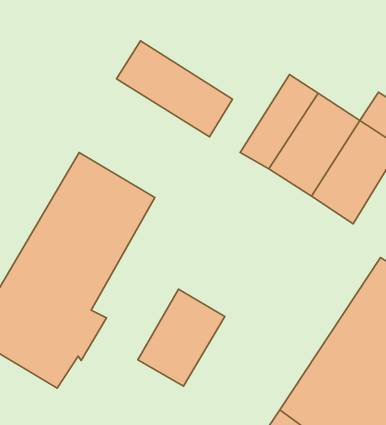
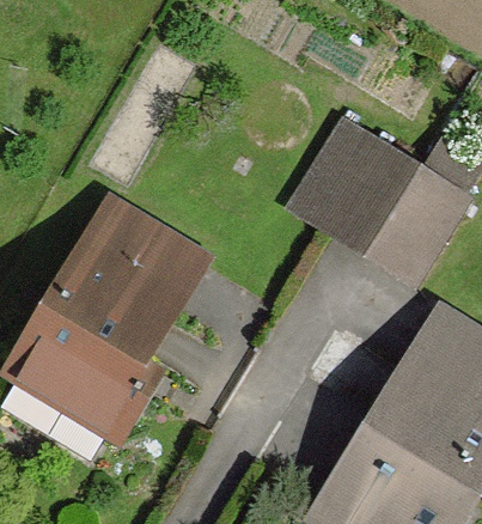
building: [116,41,232,137] -> none
building: [138,289,225,386] -> none

